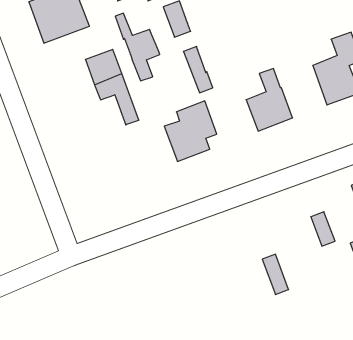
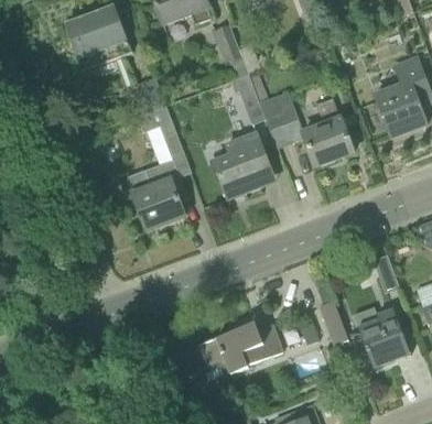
building: [115,13,160,81] -> [249,73,298,146]
building: none -> [126,157,187,229]
building: none -> [358,307,410,367]
building: none -> [198,322,282,372]

